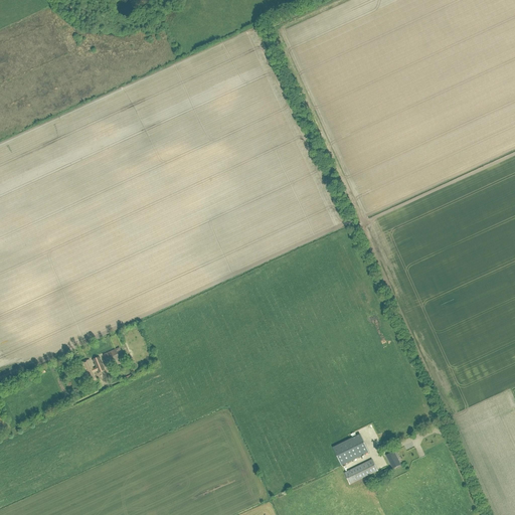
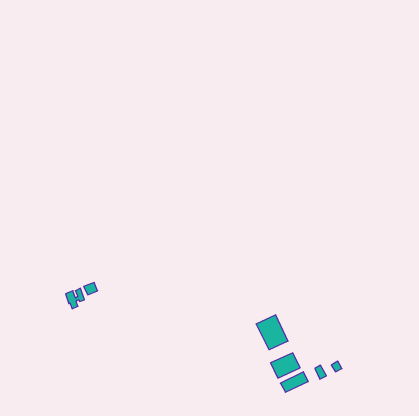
building: none -> [256,315,288,350]

